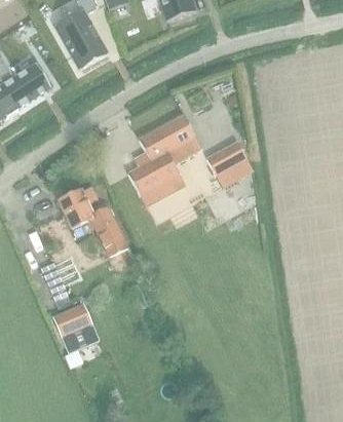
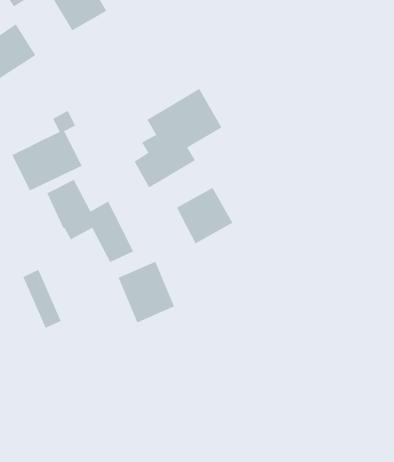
building: none -> [12,110,83,191]
building: [205,141,252,187] -> [176,187,233,244]
building: [52,303,99,353] -> [118,261,175,323]

